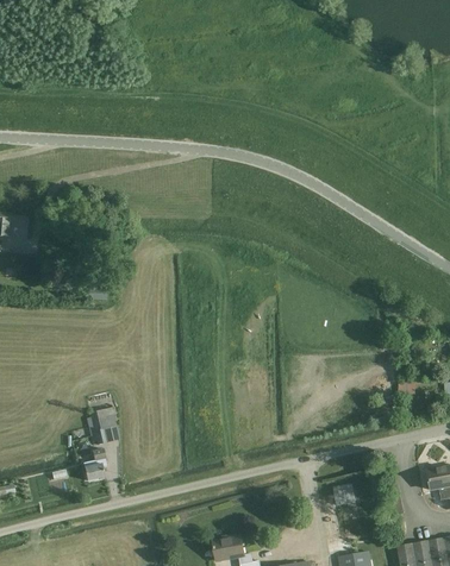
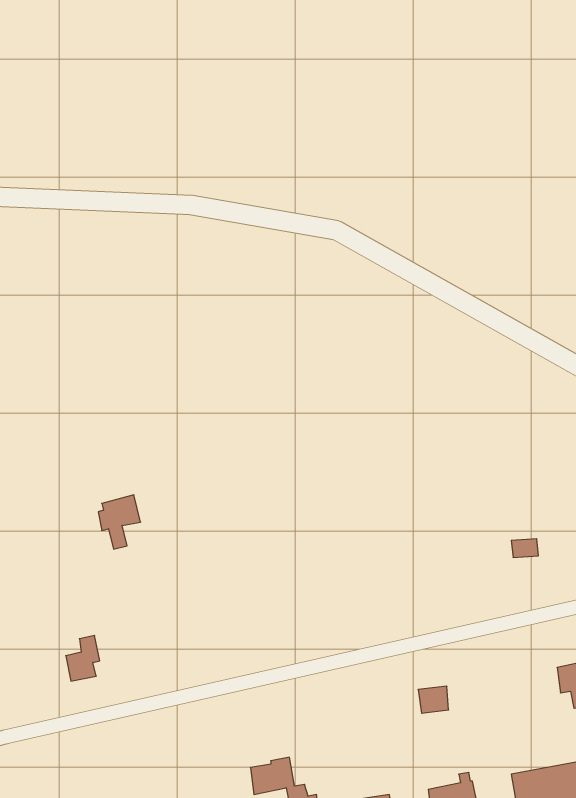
building: [87,408,117,446] -> [98,495,141,549]

